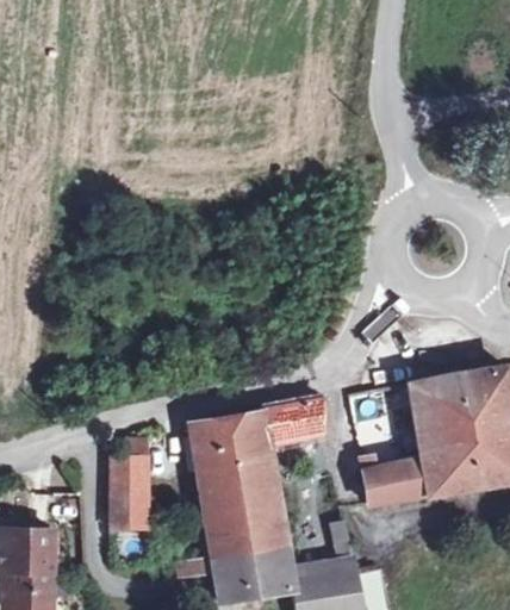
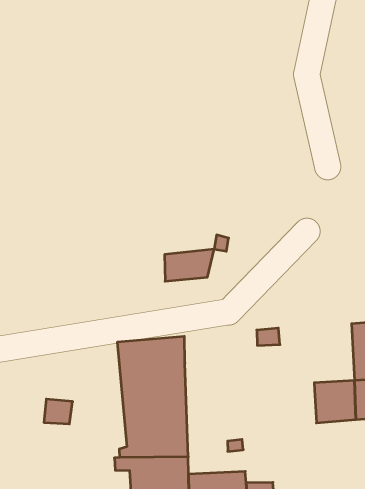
building: [412,378,469,450] -> none
building: [267,399,324,442] -> [165,249,214,281]
building: [112,441,148,499] -> none
building: [360,459,430,508] -> none

